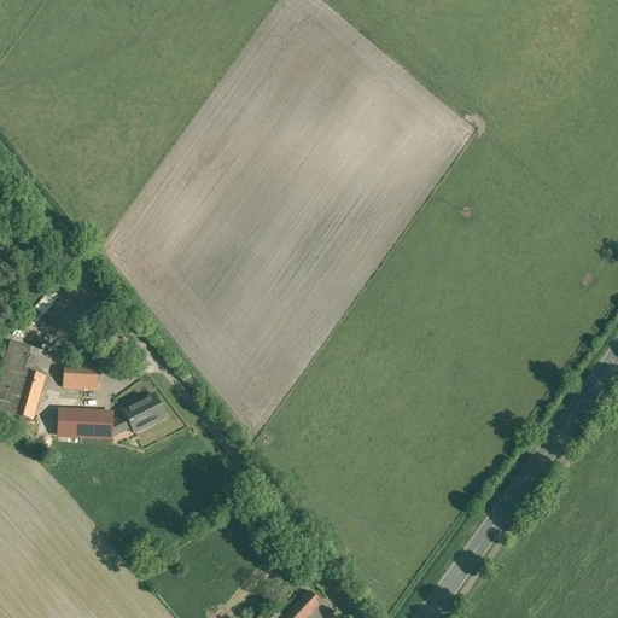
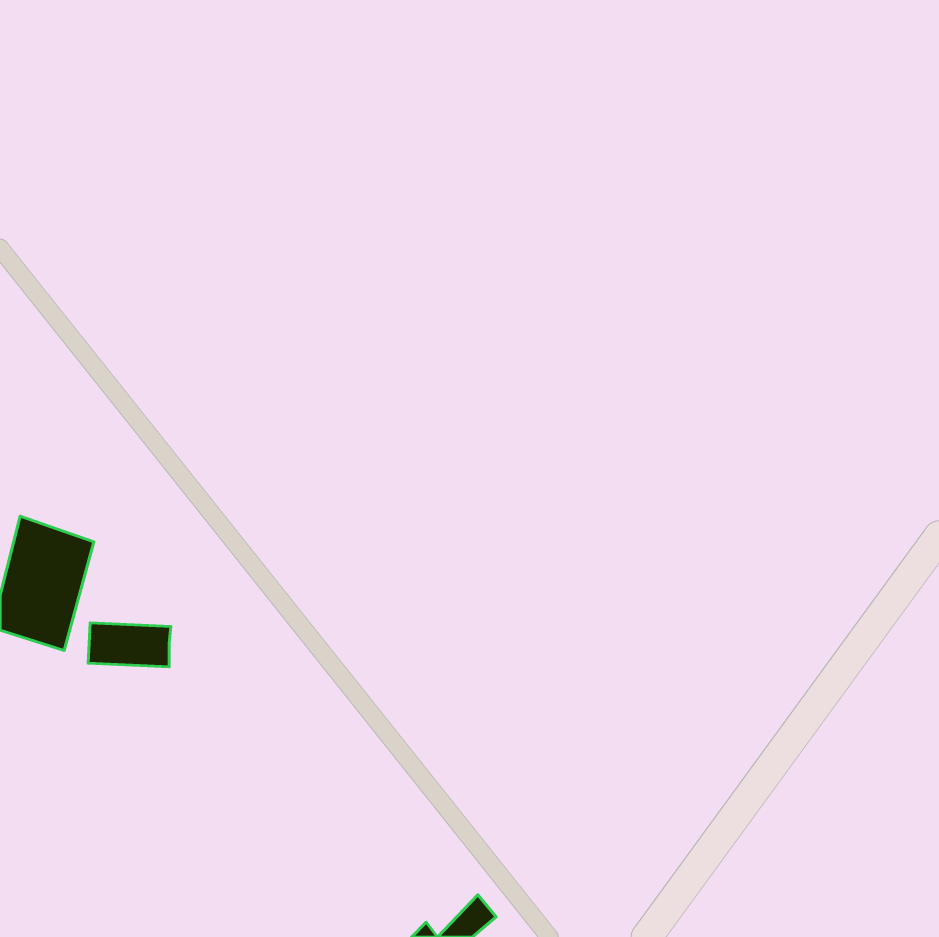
building: [63,363,101,389] -> none
building: [111,393,165,437] -> none

